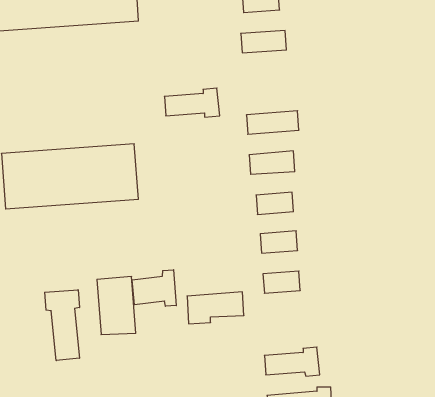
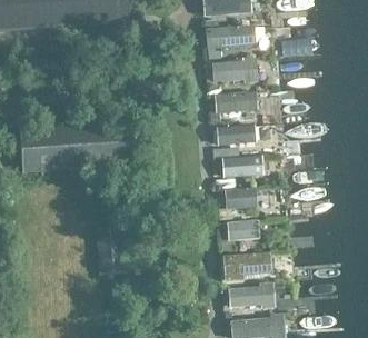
building: [164,88,220,117] -> [212,57,257,80]
building: [132,270,176,306] -> none
building: [45,290,79,361] -> none
building: [187,292,244,324] -> [223,251,269,277]

